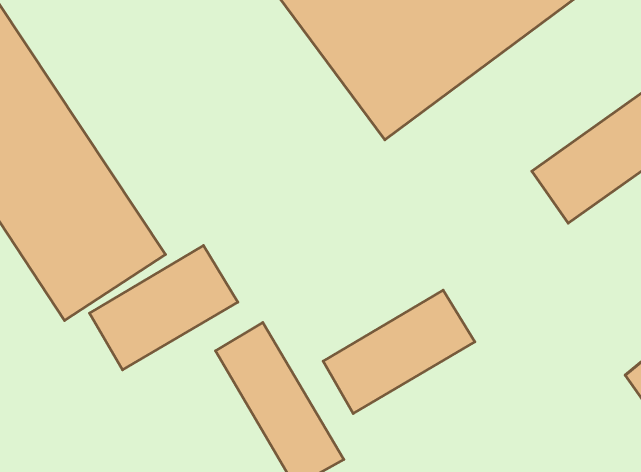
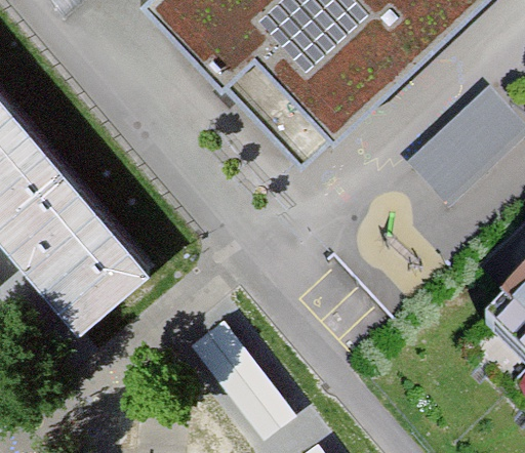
building: [90,246,238,370] -> none
building: [323,290,475,413] -> none

